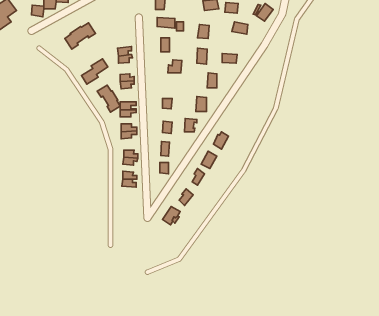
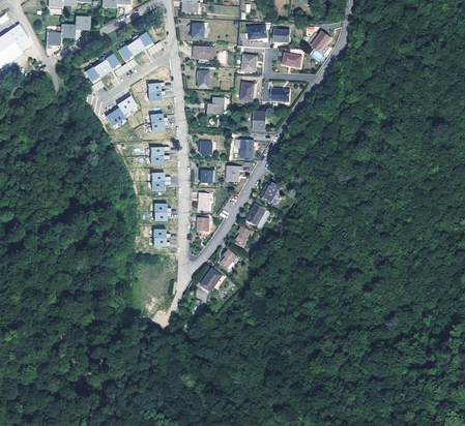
building: none -> [117,31,153,62]
building: [97,85,120,112] -> none

